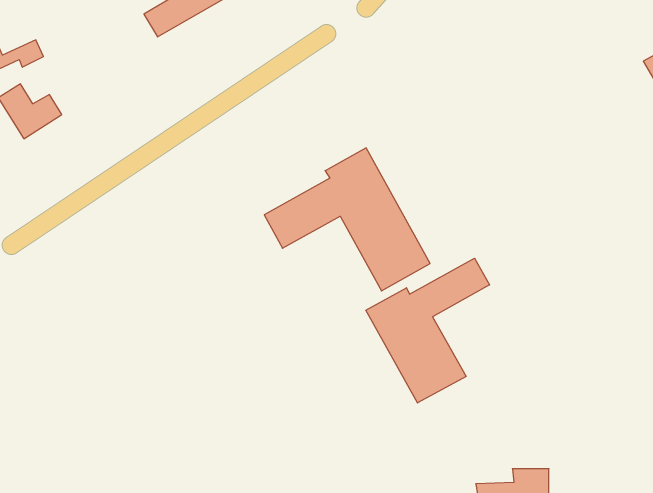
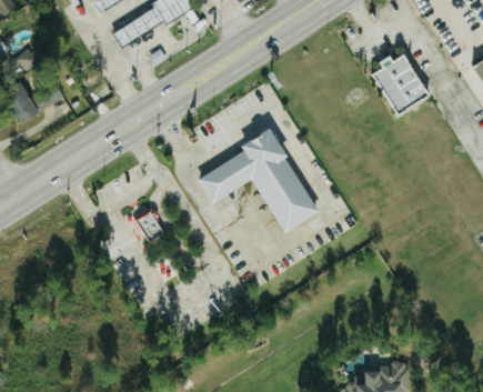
building: none -> [375,53,430,114]
building: [366,258,490,403] -> none
building: none -> [134,210,162,242]

